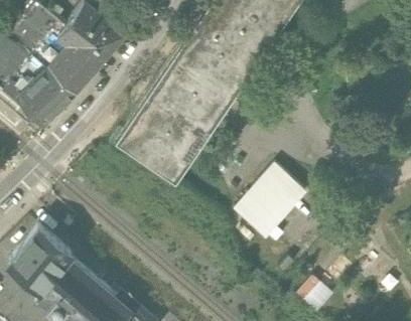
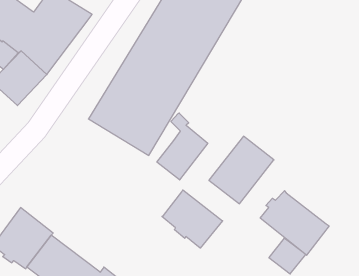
building: none -> [157,113,208,180]
building: none -> [162,190,223,248]
building: none -> [260,191,329,255]

